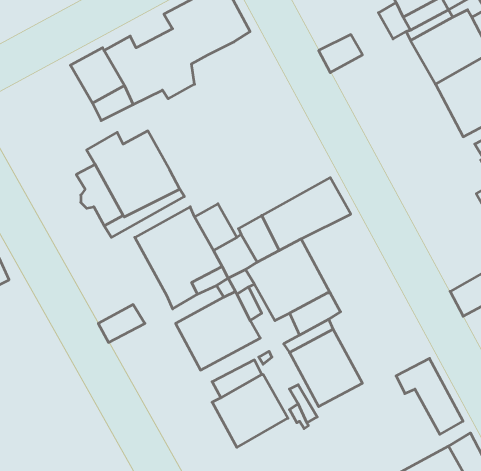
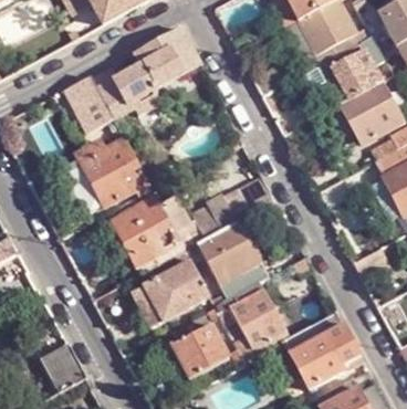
building: none -> [284,325,344,388]
building: none -> [39,344,86,392]

